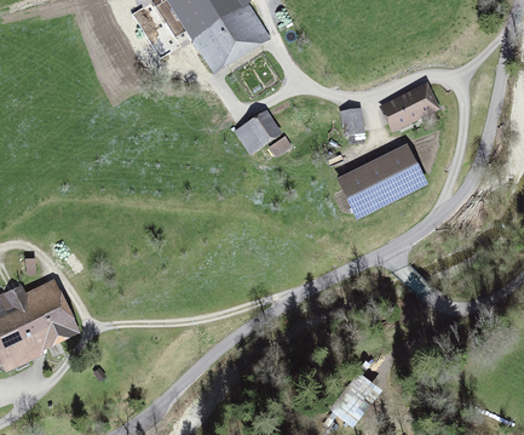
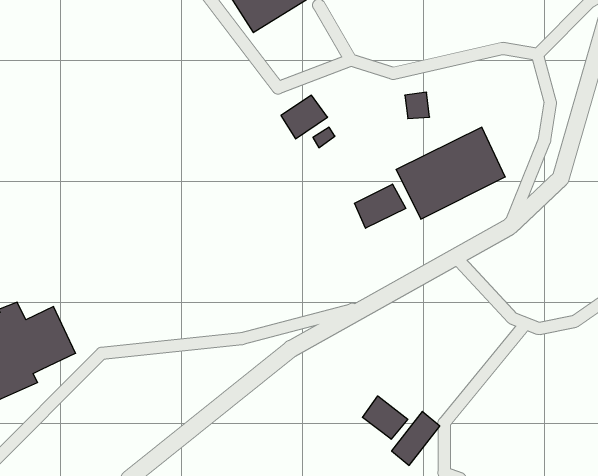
building: [385,88,437,126] -> none
building: none -> [354,184,406,228]
building: none -> [362,396,408,439]

